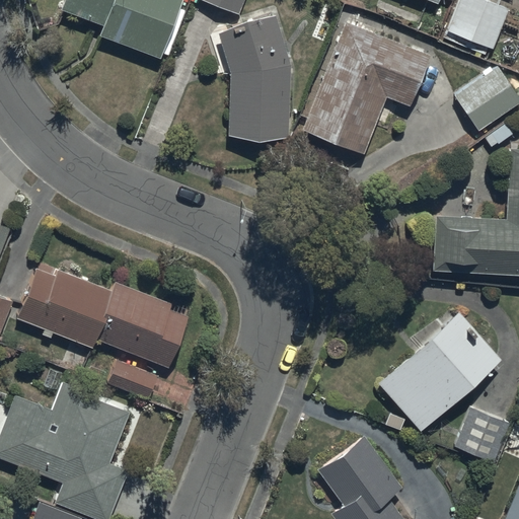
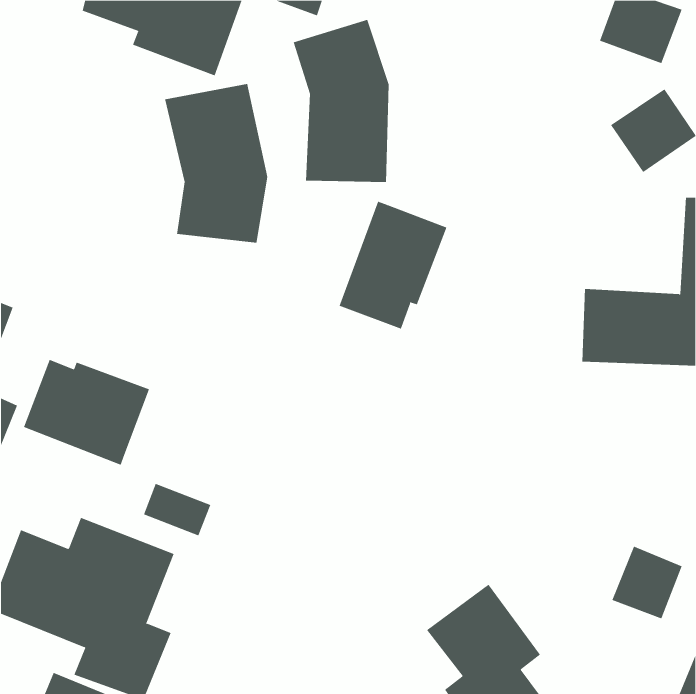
building: [304,21,430,151] -> none
building: none -> [165,83,268,244]
building: none -> [339,201,447,329]
building: [93,283,189,368] -> none
building: [378,313,501,431] -> none

